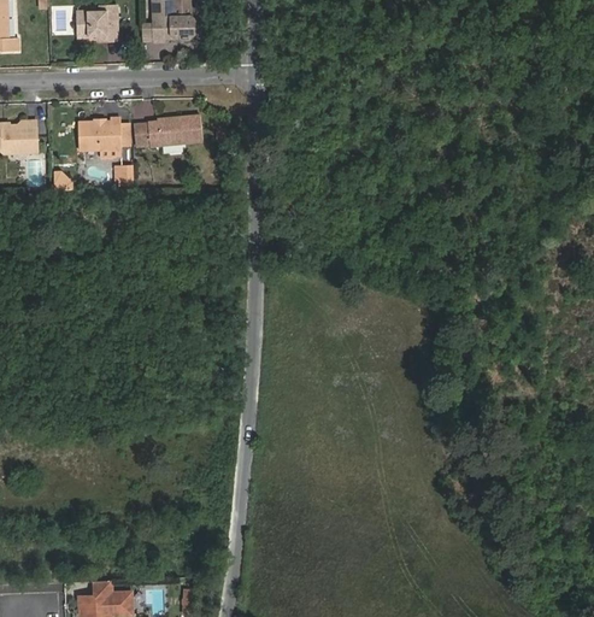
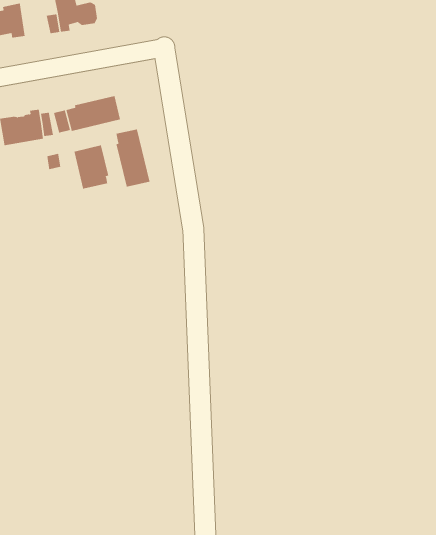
building: none -> [116,129,150,188]
building: none -> [74,145,109,190]

